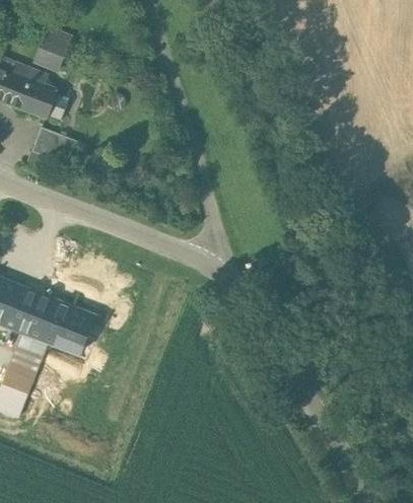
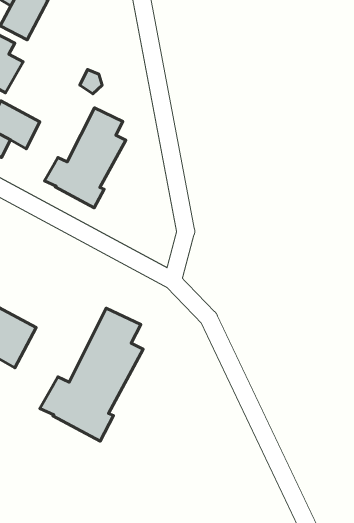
building: none -> [45,108,126,208]
building: none -> [40,308,143,441]

